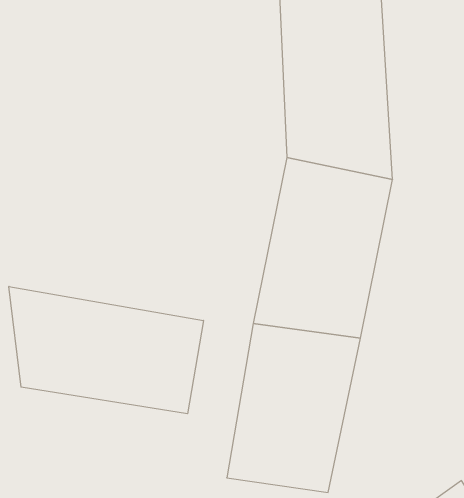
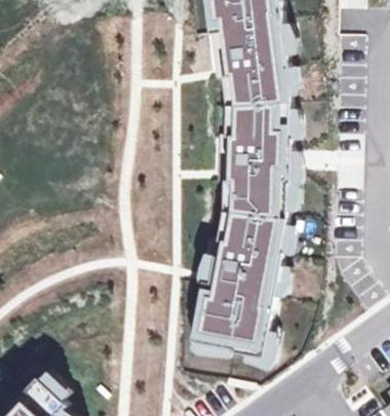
building: [9,286,203,414] -> none

